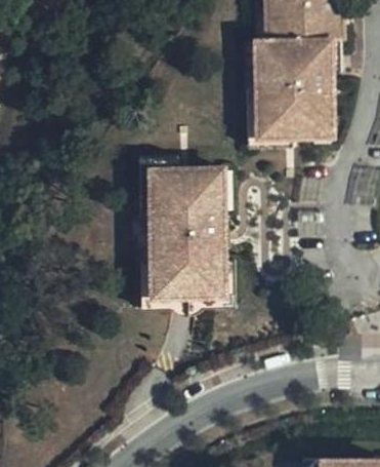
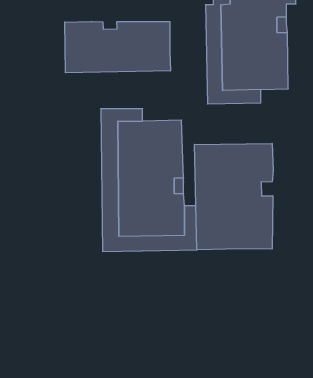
building: none -> [65,21,170,73]
building: none -> [195,143,273,250]

